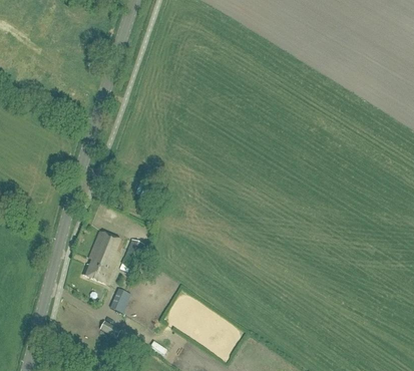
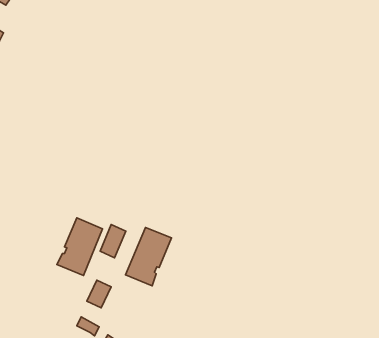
building: none -> [125,228,171,286]

